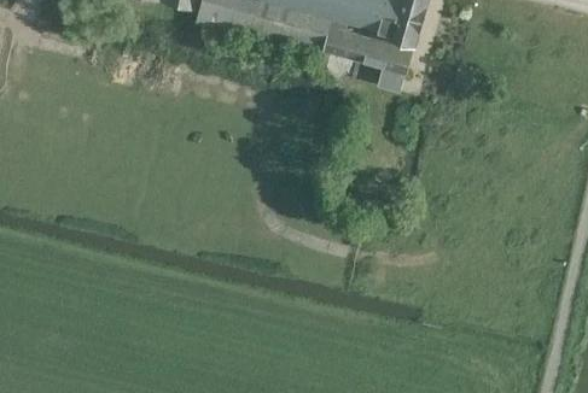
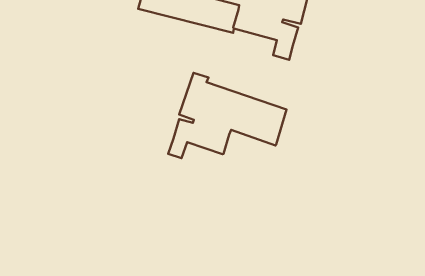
building: none -> [168,73,286,158]

